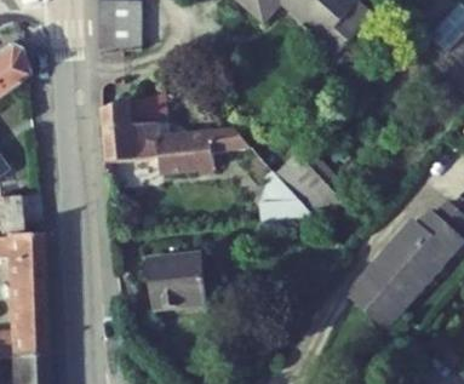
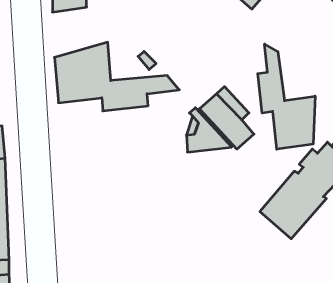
building: none -> [258,44,315,149]
building: [145,253,206,309] -> none

